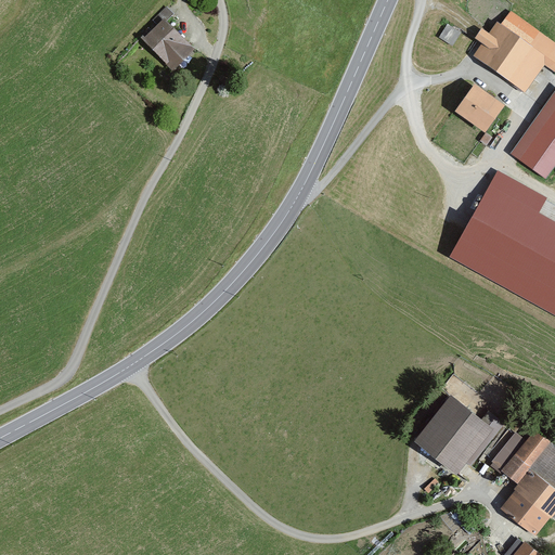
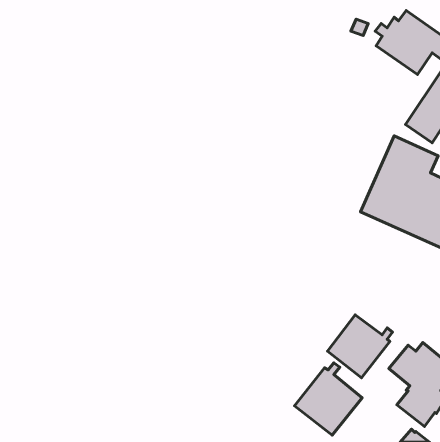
building: [141,18,193,72] -> none
building: [453,85,503,133] -> none
building: none -> [295,363,362,435]

